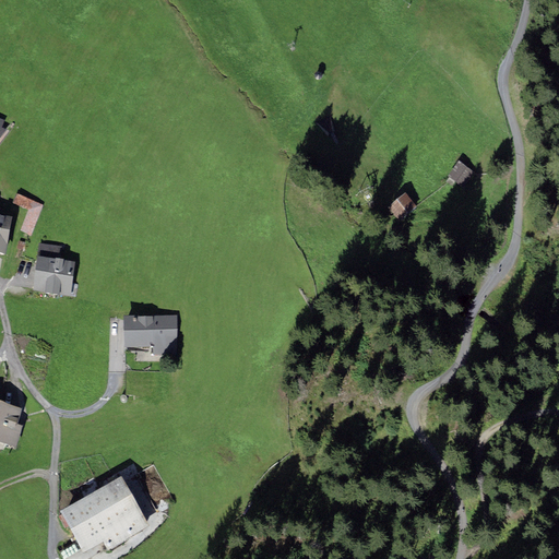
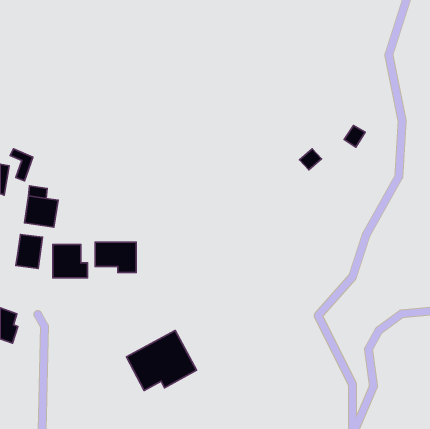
building: none -> [16,235,42,268]
building: none -> [53,244,87,278]
building: [59,475,150,552] -> [127,331,196,390]

